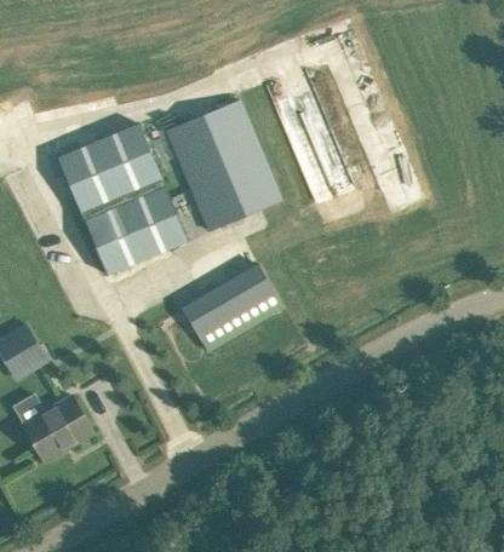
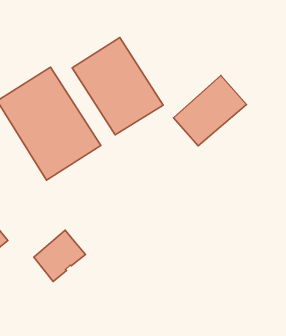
building: [181,263,282,352] -> [173,76,247,146]
building: [22,396,92,462] -> [34,230,85,282]

